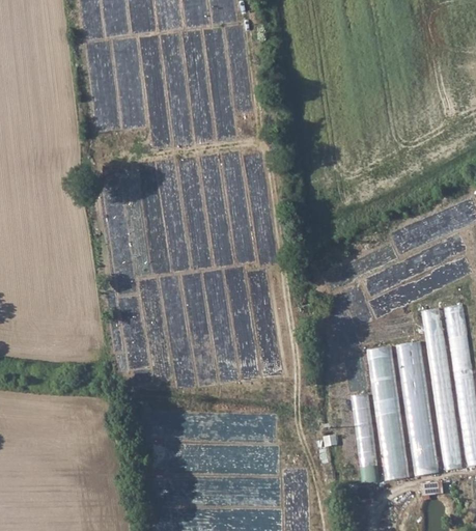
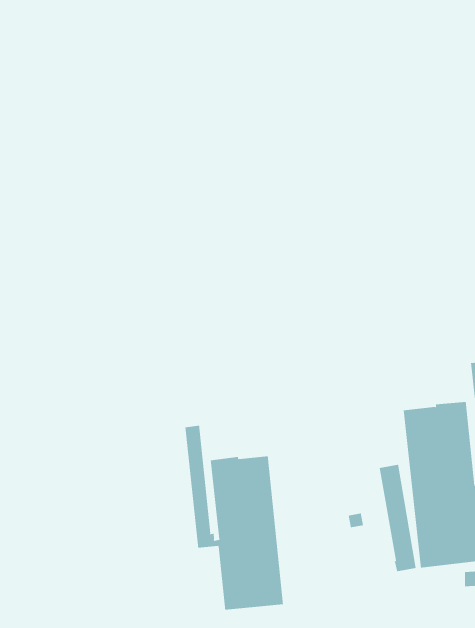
building: none -> [185,425,283,610]

